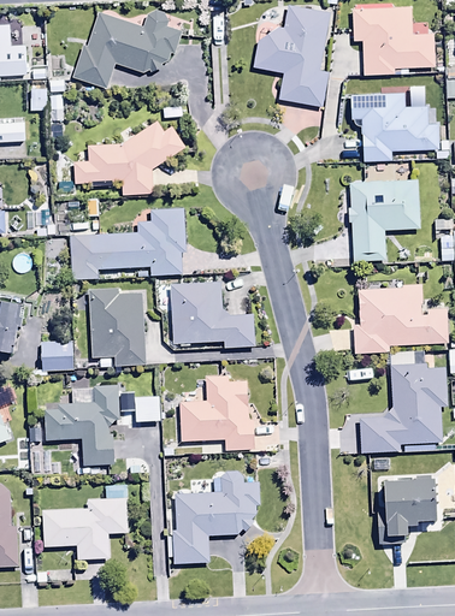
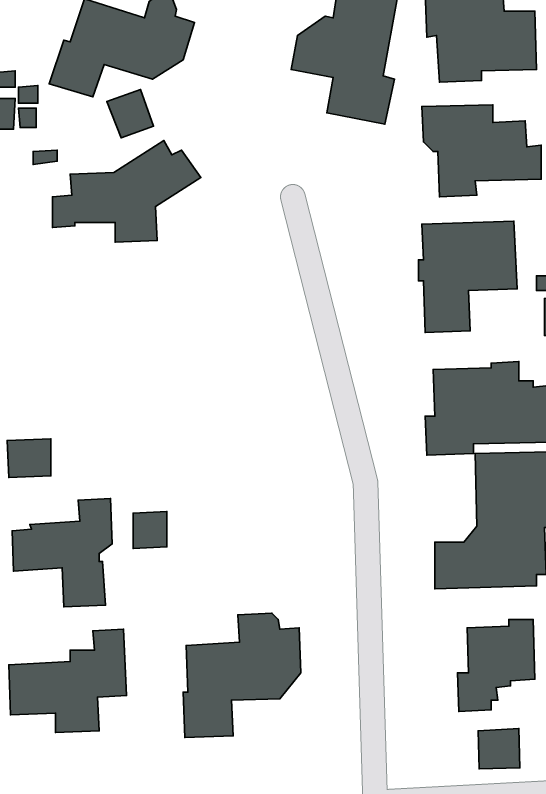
building: none -> [107,89,153,138]
building: [73,207,184,276] -> none
building: [171,283,255,348] -> none
building: [89,288,146,366] -> none
building: [181,374,254,451] -> none
building: none -> [478,728,520,769]

